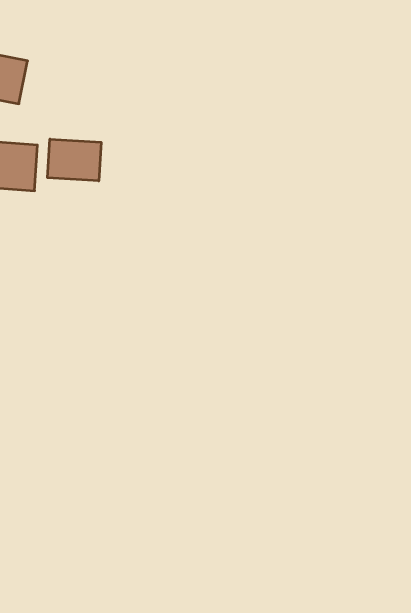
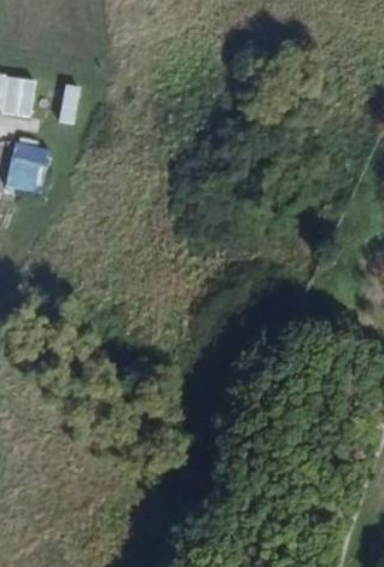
building: [48,139,101,181] -> none

